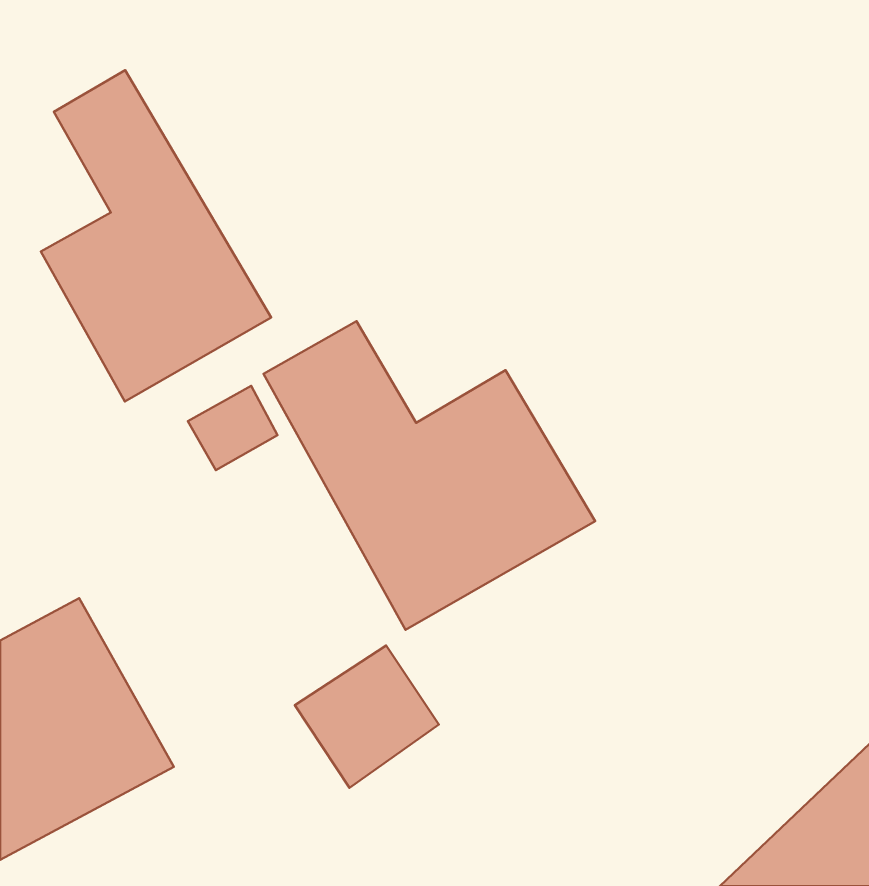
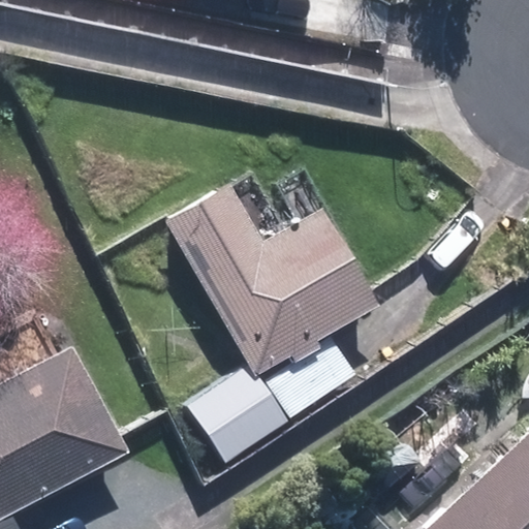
building: [41,70,271,402] -> none

